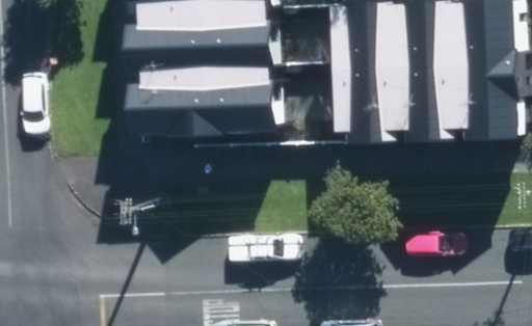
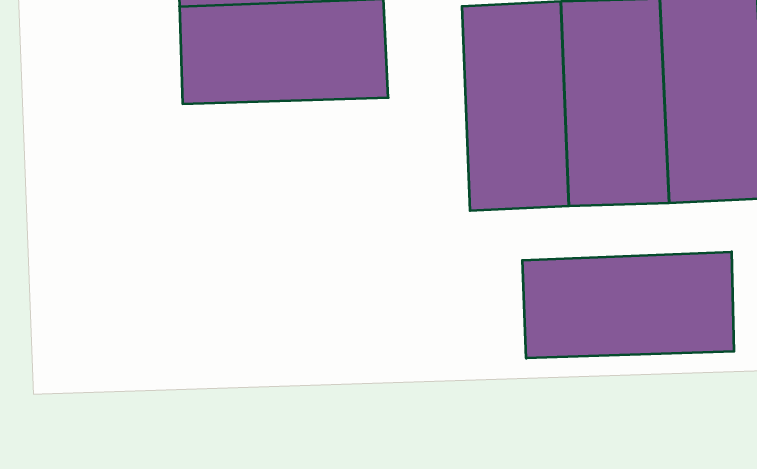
building: [139,65,277,134] -> none
building: none -> [522,252,734,358]

